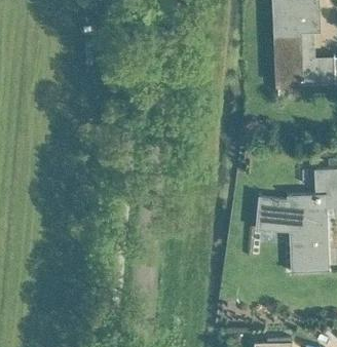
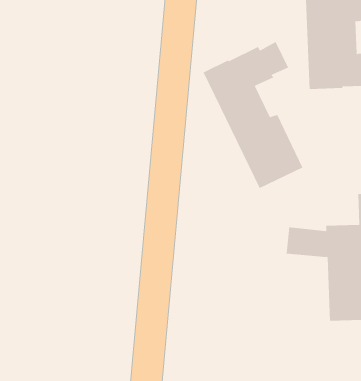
building: none -> [203,41,303,189]

